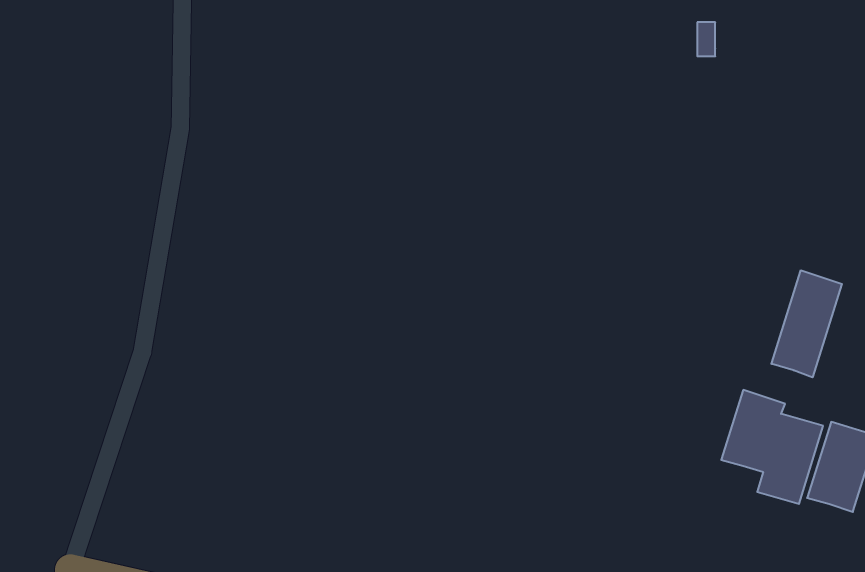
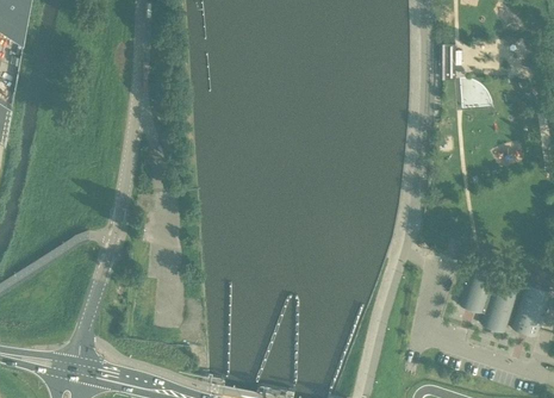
building: [771,270,842,377] -> none

